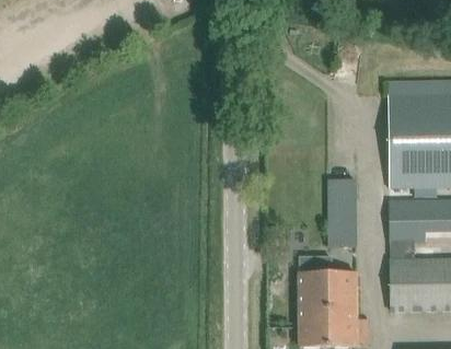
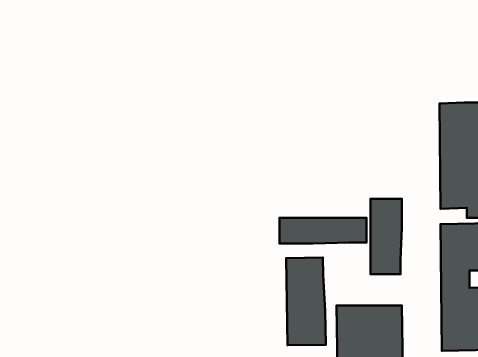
building: none -> [280,218,367,243]
building: none -> [286,257,326,345]

